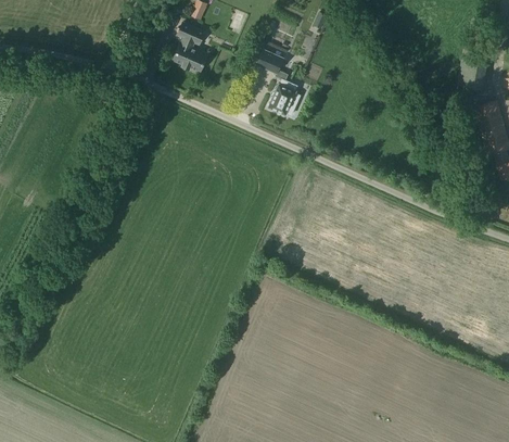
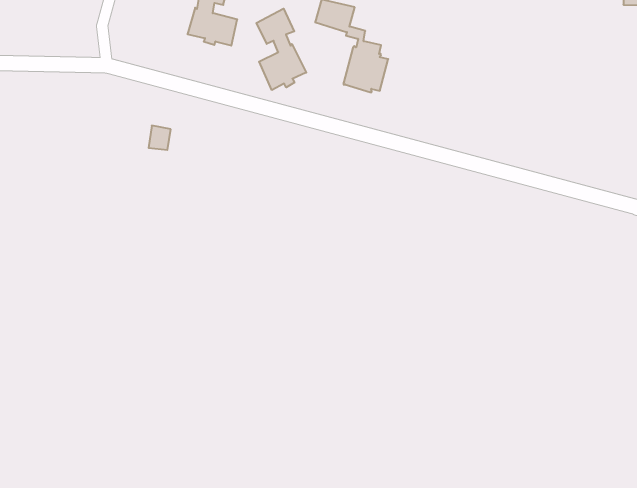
building: none -> [256,9,306,90]

